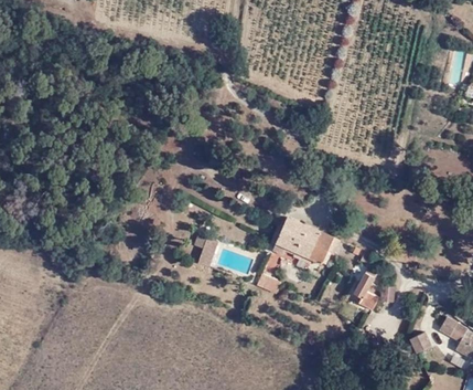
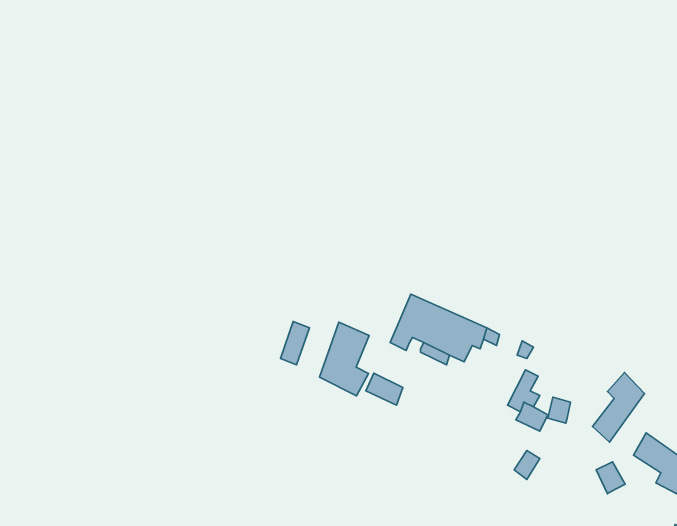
building: none -> [320,322,369,396]
building: none -> [592,372,644,442]

